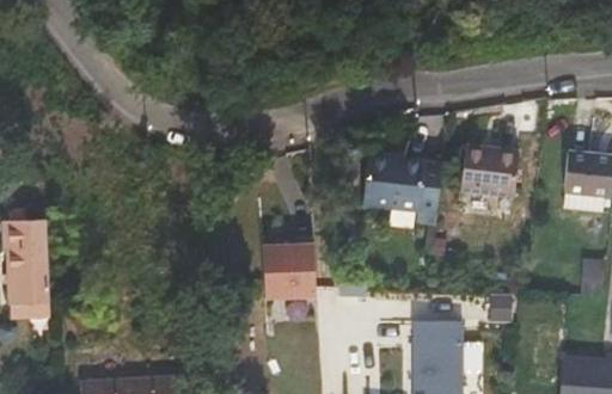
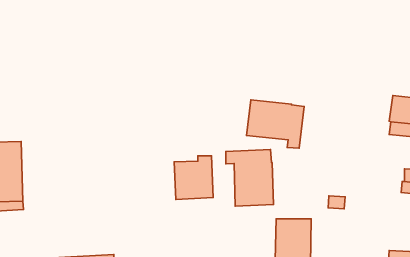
building: [460,147,519,197] -> none
building: none -> [226,150,273,206]

